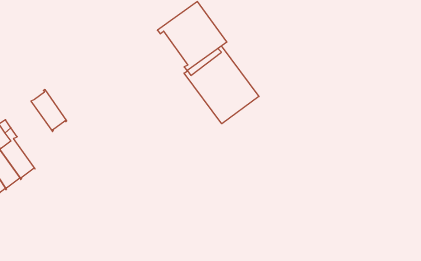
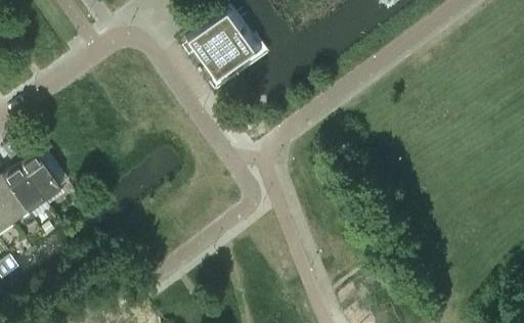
building: [184,46,259,124] -> none
building: [31,90,67,132] -> [17,152,58,200]

